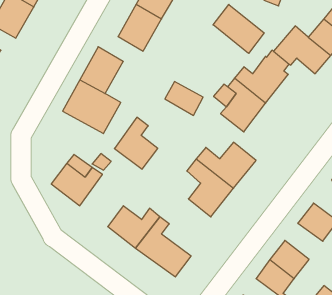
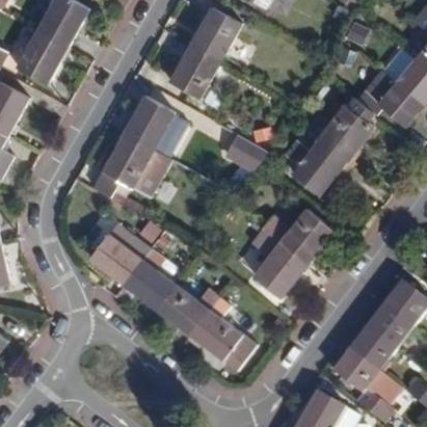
building: [213,4,264,53] -> none
building: [114,117,158,169] -> [123,246,175,309]
building: none -> [368,304,413,348]

